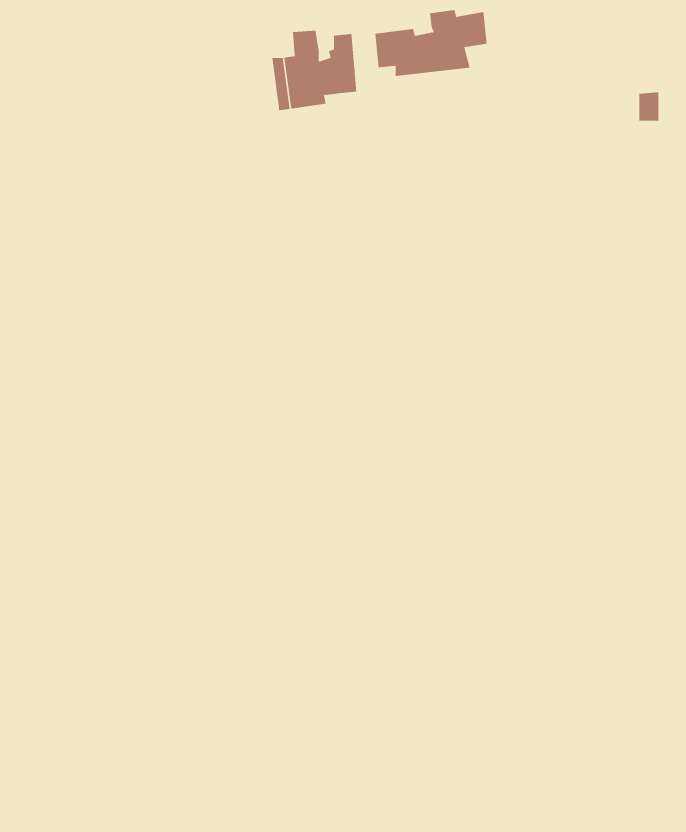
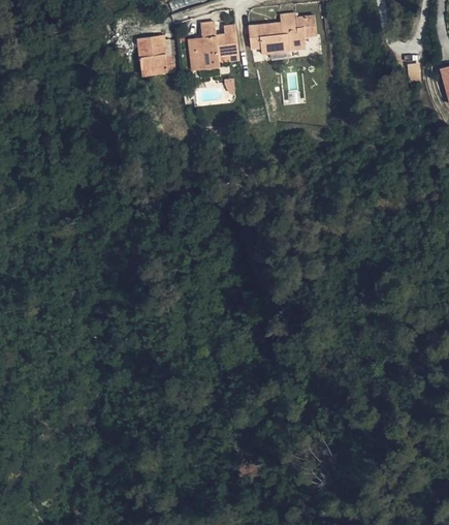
building: none -> [136,37,173,74]

